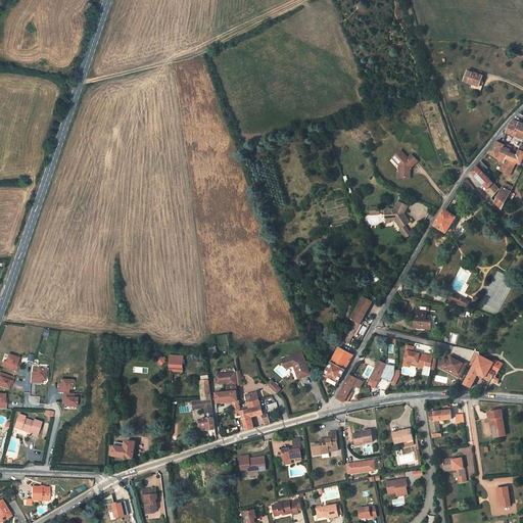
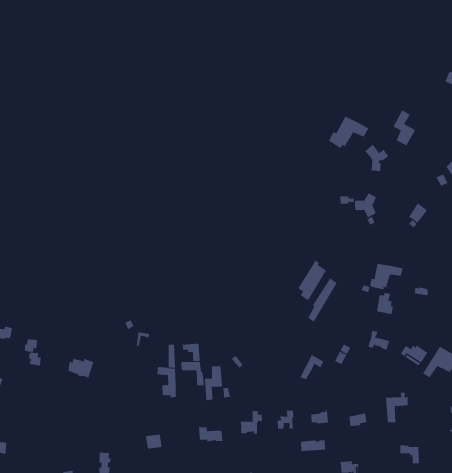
building: none -> [393,109,416,146]
building: none -> [328,116,369,149]
building: none -> [370,263,403,290]
building: [324,342,352,385] -> [297,259,327,301]
building: [279,349,311,375] -> none
building: [108,441,135,462] -> [67,358,94,378]

